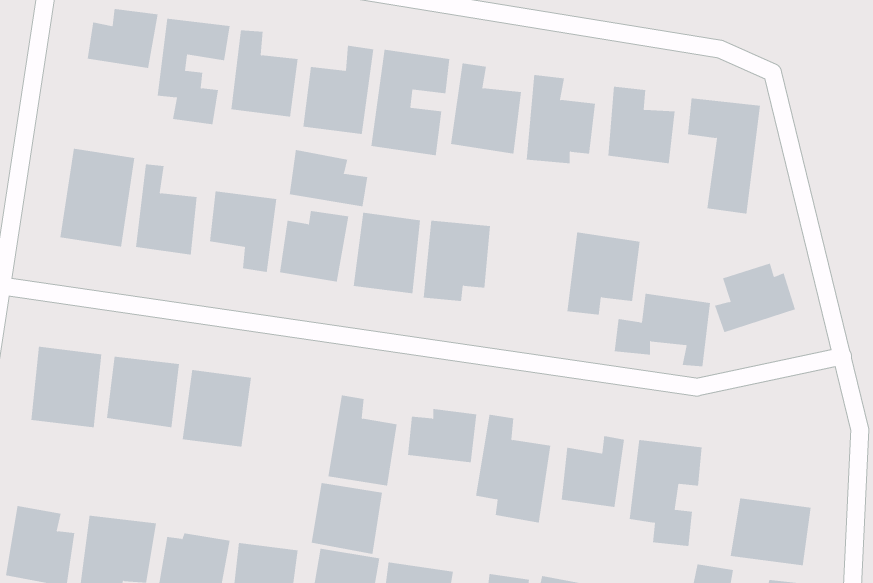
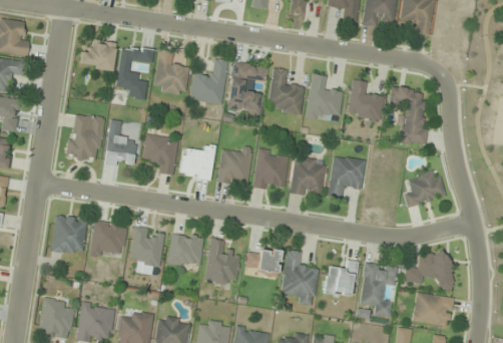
building: [289,149,368,207] -> none
building: none -> [289,156,326,199]
building: [614,293,711,367] -> [404,253,454,291]
building: [311,483,383,554] -> [167,233,204,270]

